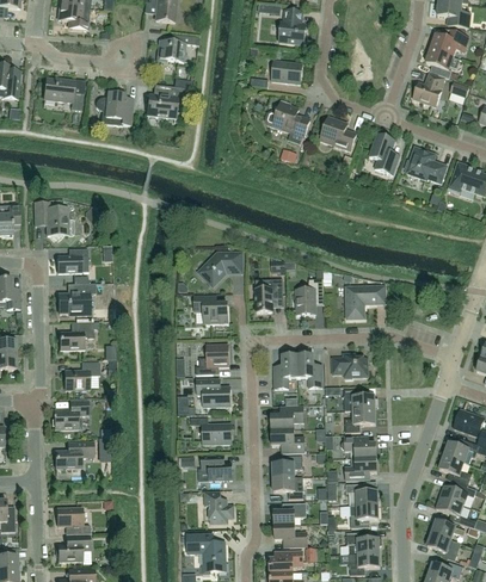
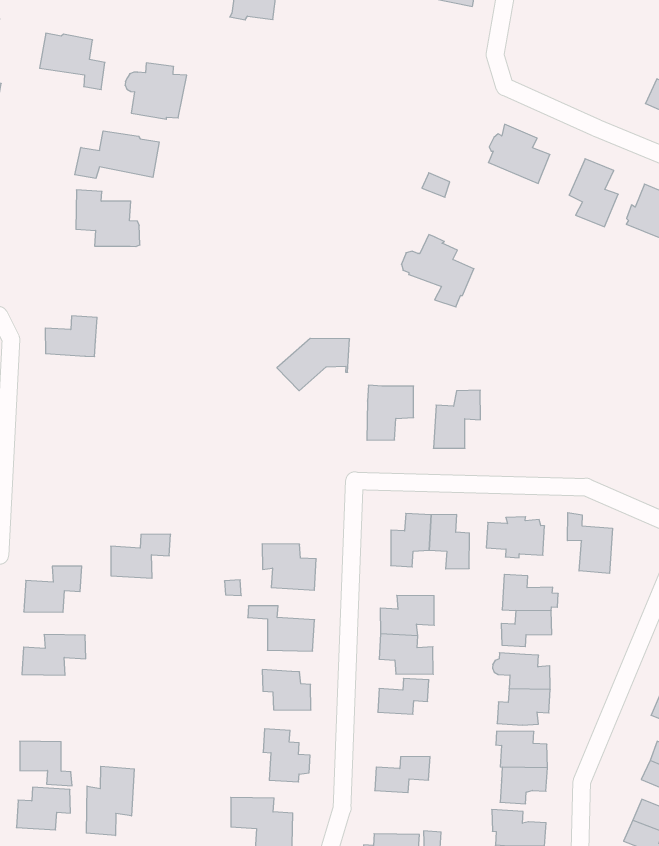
building: [271,61,301,83] -> none
building: [147,86,185,118] -> none
building: [265,100,309,143] -> [401,235,474,307]
building: none -> [75,131,159,178]
building: [33,202,74,235] -> [76,190,140,247]
building: [57,283,94,315] -> none
building: [346,286,385,317] -> none
building: [193,296,227,323] -> none
building: [59,321,93,349] -> none
building: [195,343,228,374] -> none
building: none -> [567,513,612,573]
building: [63,361,99,389] -> [111,534,171,578]
building: [272,476,303,499] -> none
building: none -> [86,766,134,836]
building: [273,525,307,546] -> none

